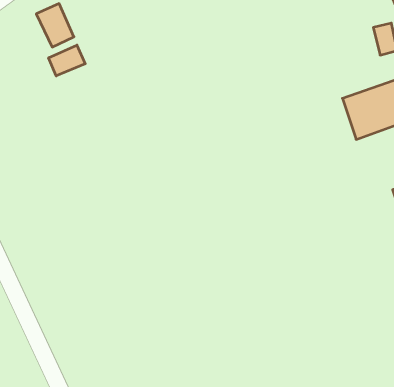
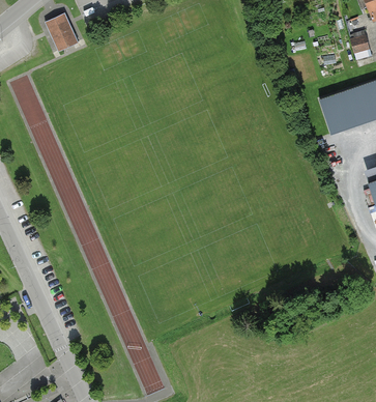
building: [49,45,85,76] -> none

